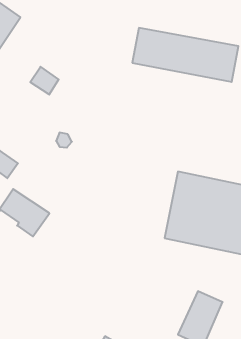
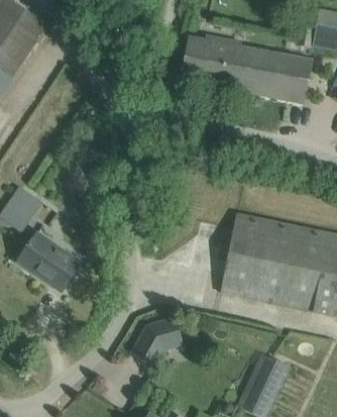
building: [30,67,59,95] -> none
building: none -> [129,314,180,367]

